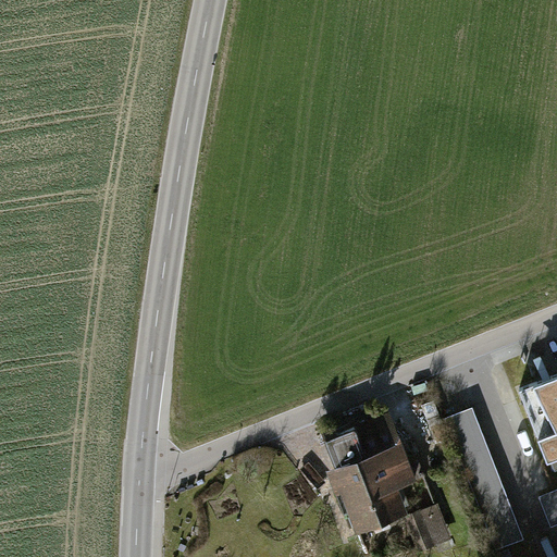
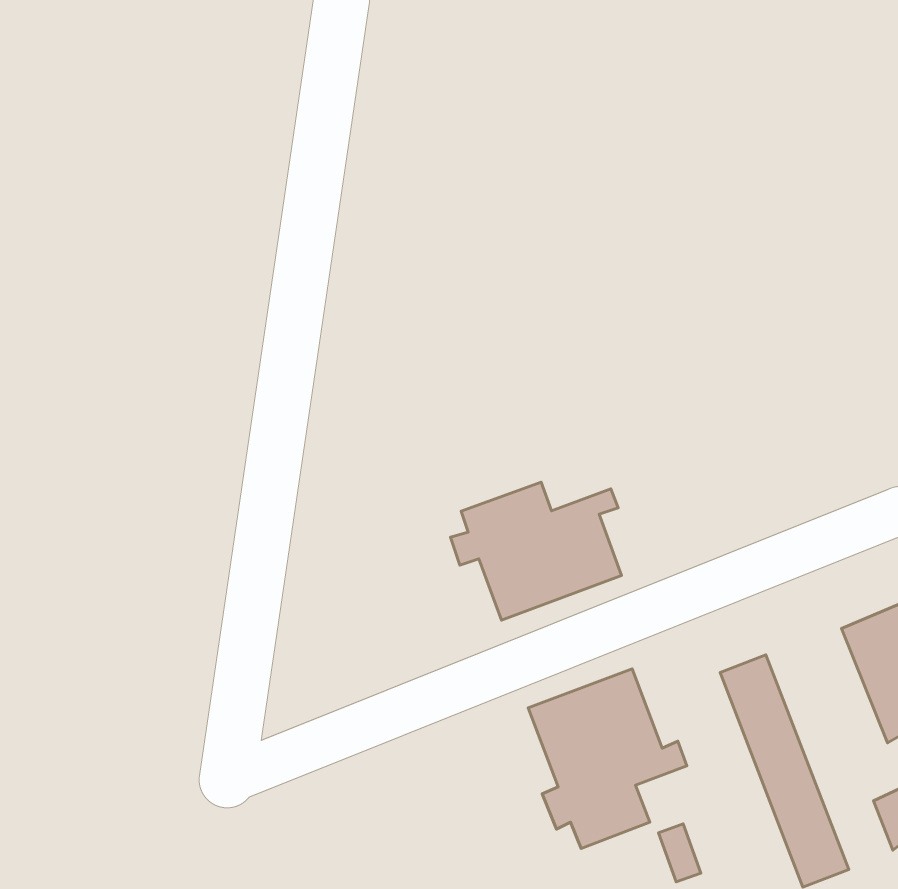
building: none -> [451,482,622,620]

